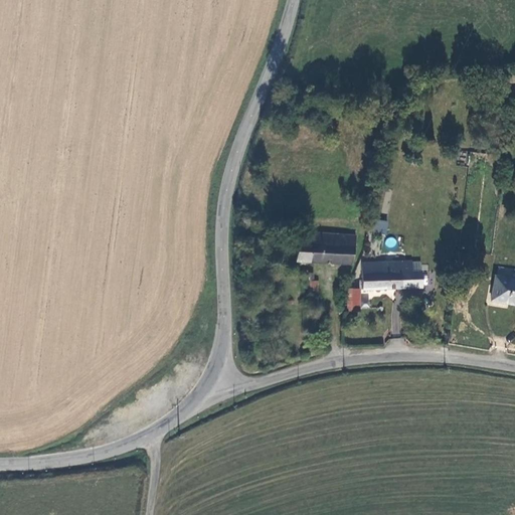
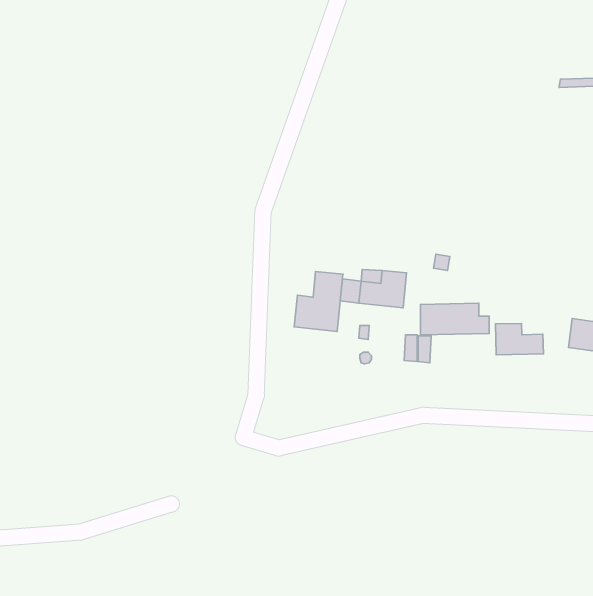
building: none -> [294,272,343,331]
building: none -> [495,323,543,355]

